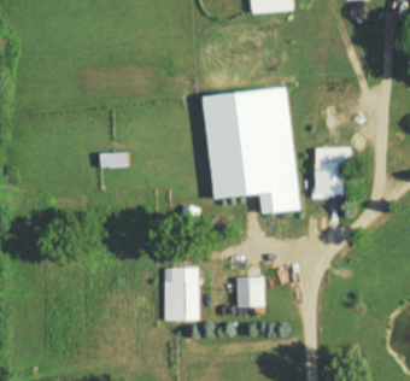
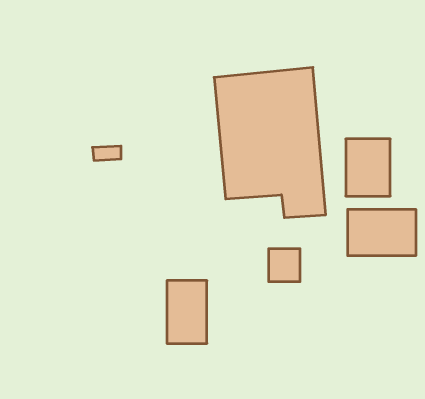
building: none -> [348,209,416,256]
building: [236,277,263,305] -> [269,249,300,282]

